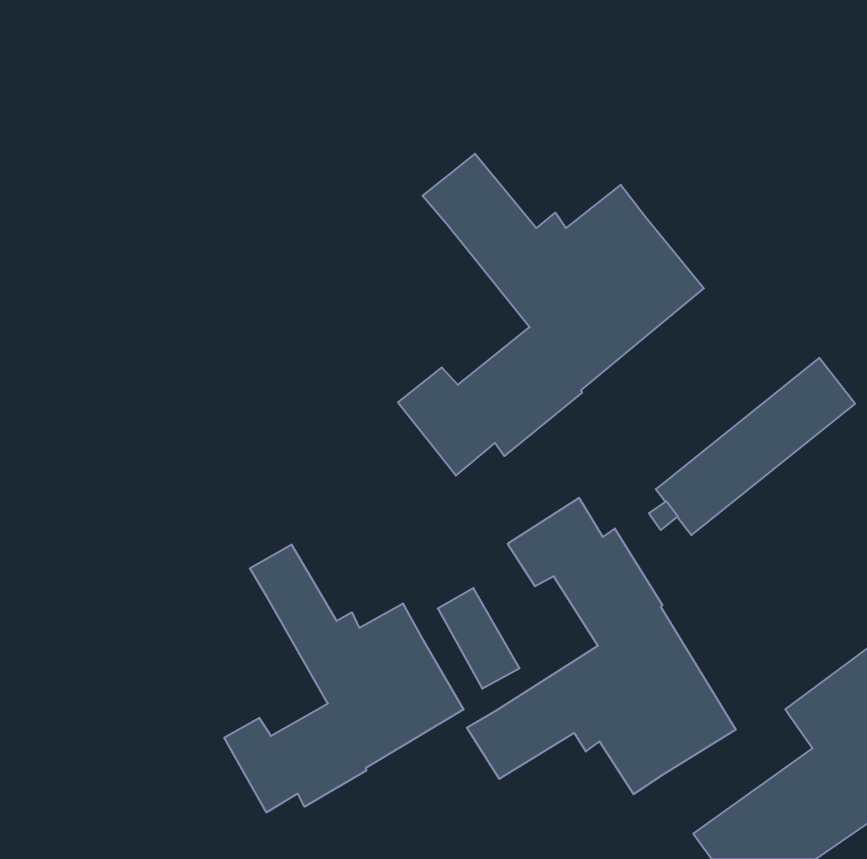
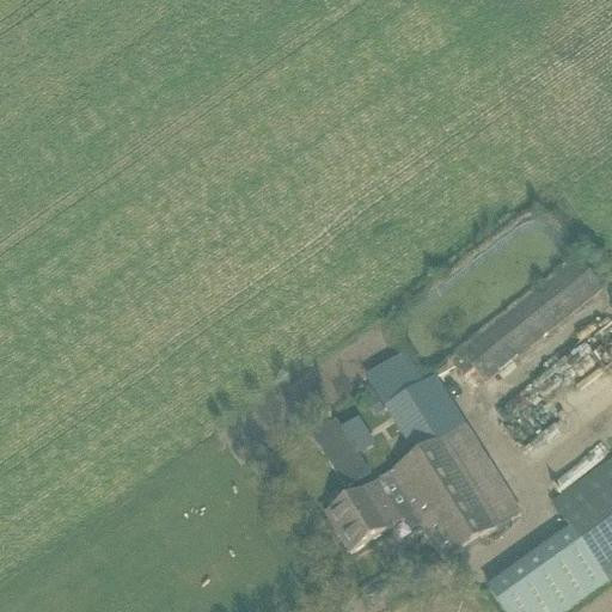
building: [398,154,704,476] -> none
building: [224,544,464,812] -> none

